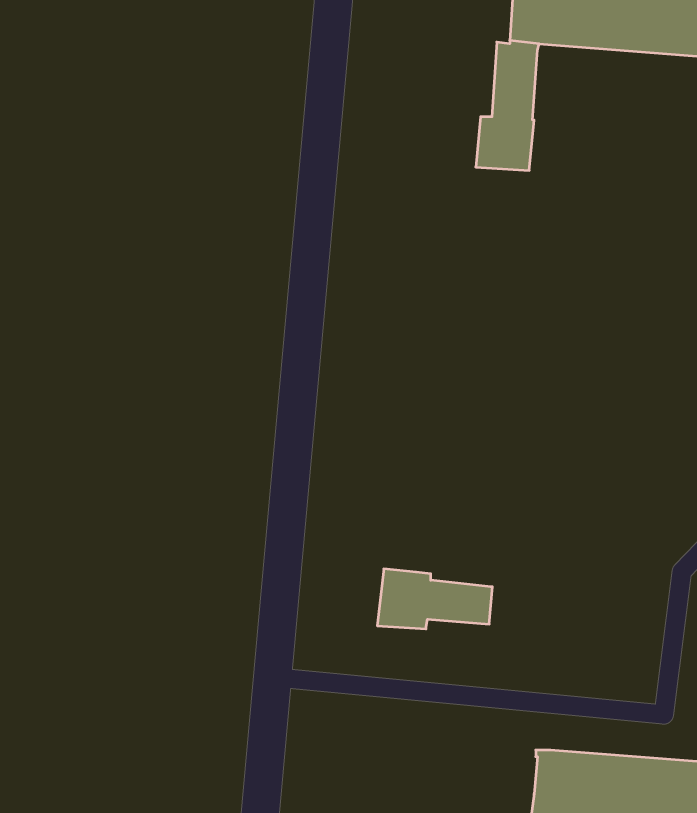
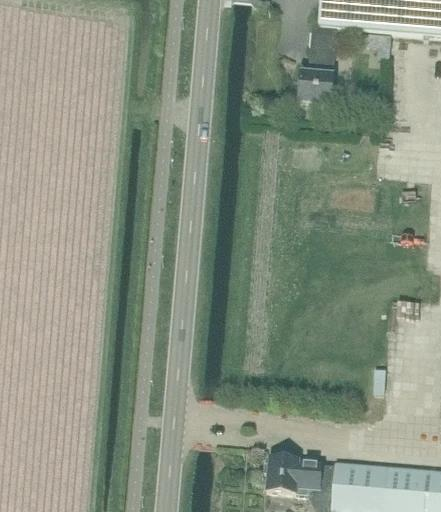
building: [377,569,492,629] -> [265,456,336,493]

